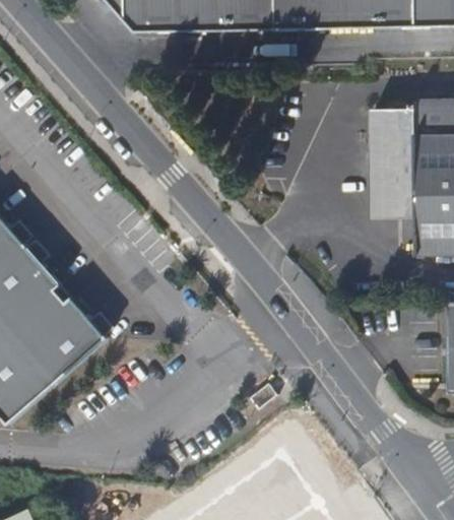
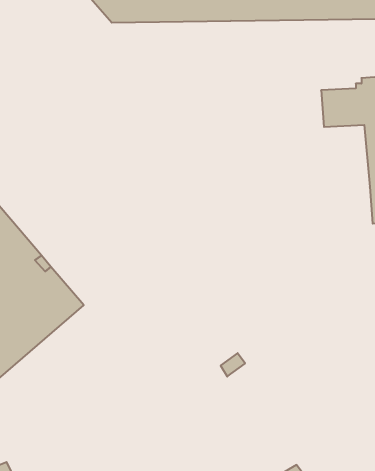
building: [369,139,418,210] -> none

